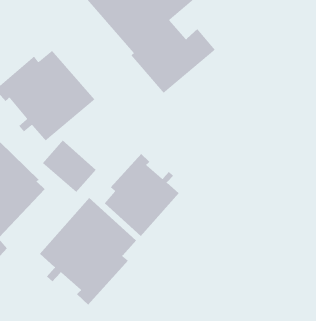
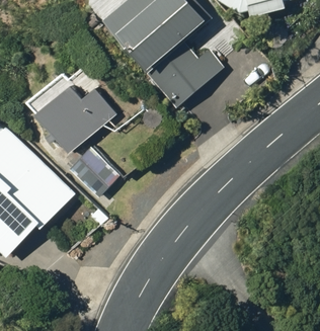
building: [104,153,179,237] -> none
building: [39,197,137,305] -> none

